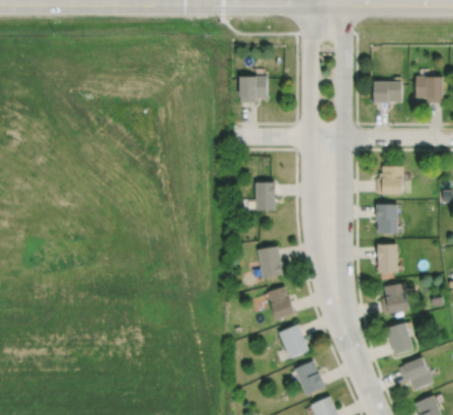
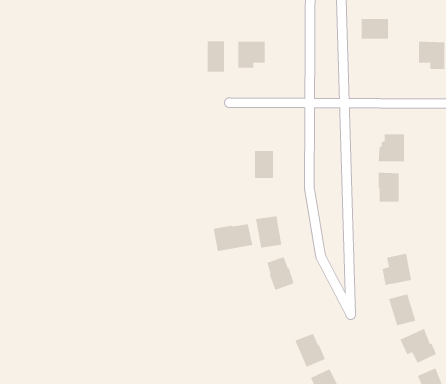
building: none -> [207,40,225,73]
building: [374,82,401,102] -> [361,19,389,39]
building: [377,244,397,272] -> none
building: none -> [213,223,253,252]
building: [278,324,309,358] -> none

